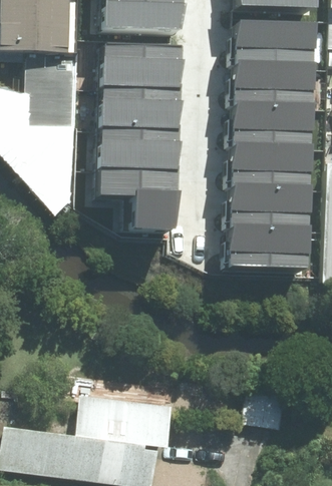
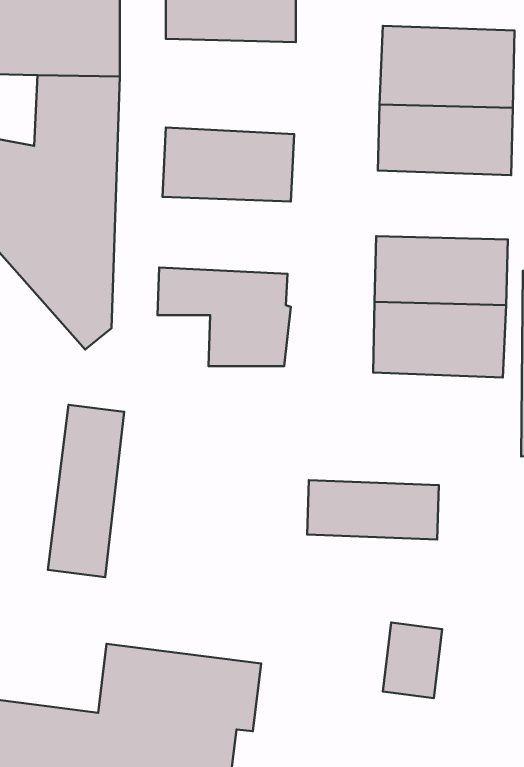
building: [104,44,185,85] -> none
building: [233,107,315,149] -> none
building: [100,123,181,170] -> none
building: [230,230,310,267] -> [307,480,439,539]
building: none -> [48,405,124,577]

